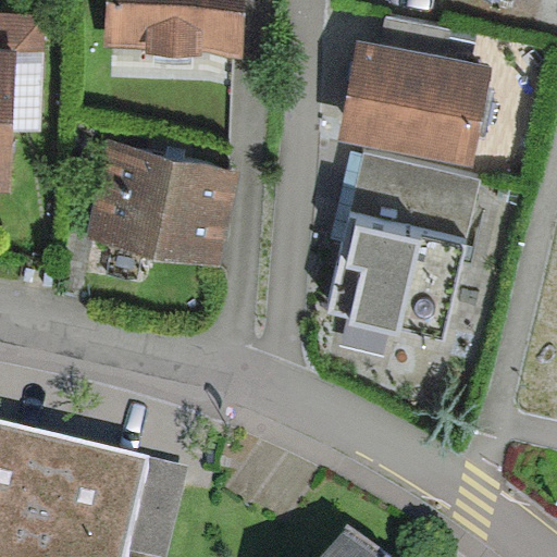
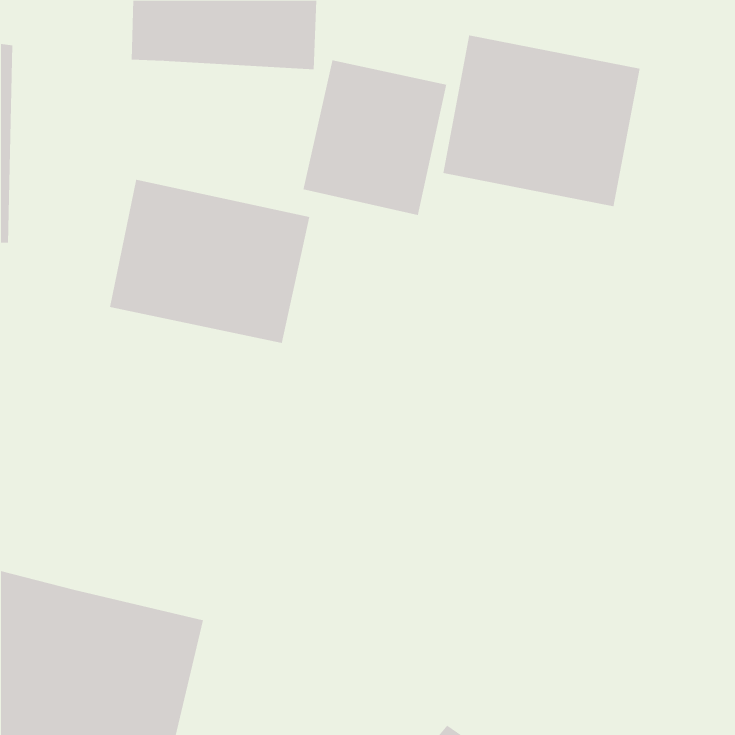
building: none -> [303,60,447,216]
building: [323,152,479,330] -> none

